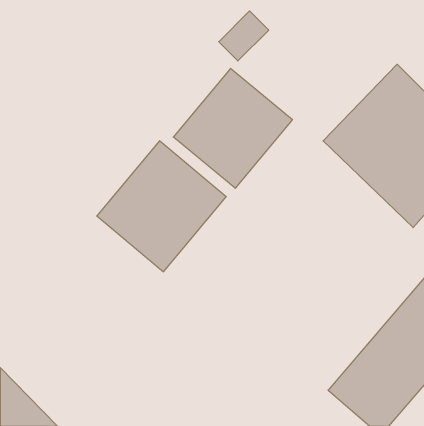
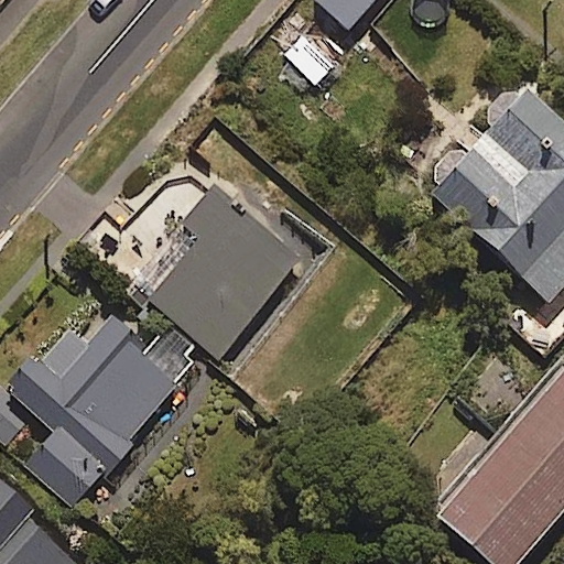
building: [173,68,292,188] -> none
building: none -> [10,321,184,508]

